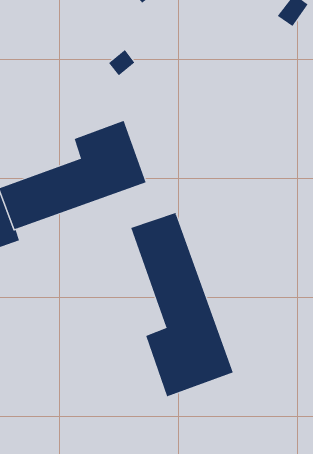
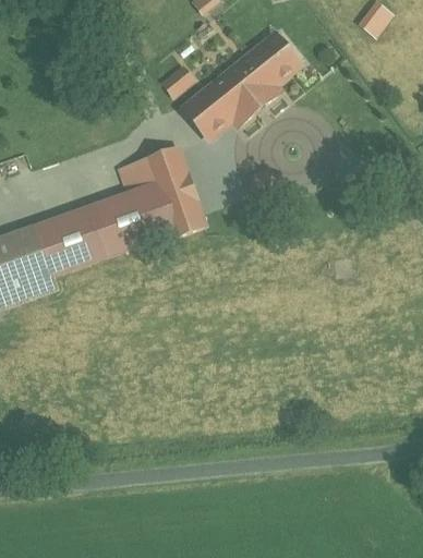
building: none -> [180,33,298,136]
building: [130,212,234,397] -> none

